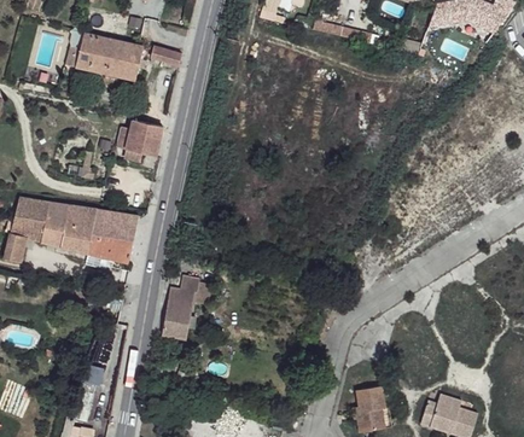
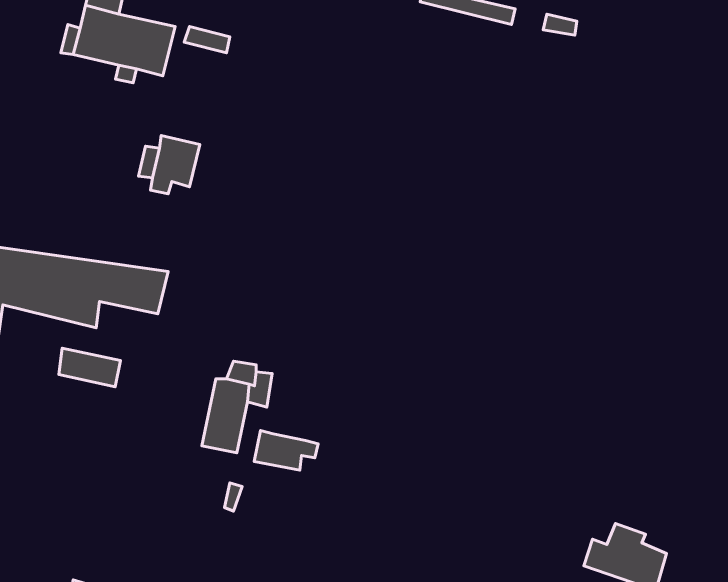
building: [88,238,130,264] -> [59,348,120,387]
building: none -> [254,430,318,470]
building: [356,379,385,424] -> none

